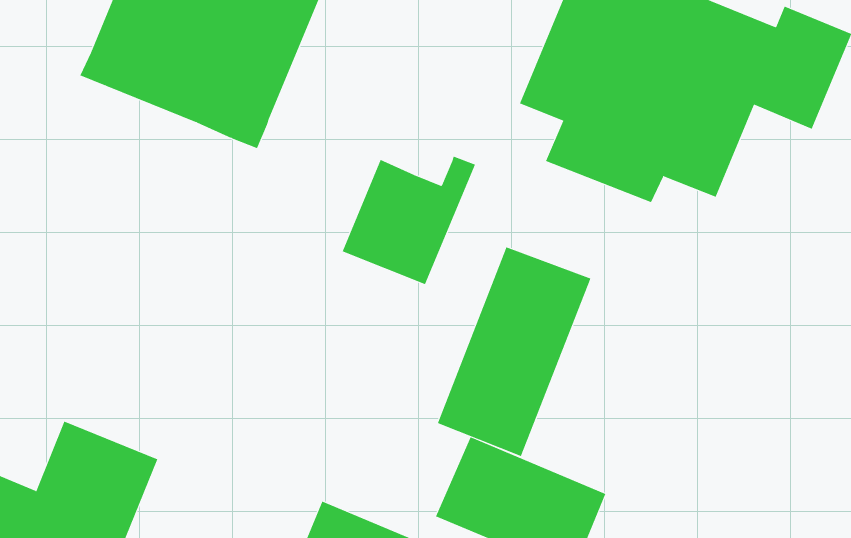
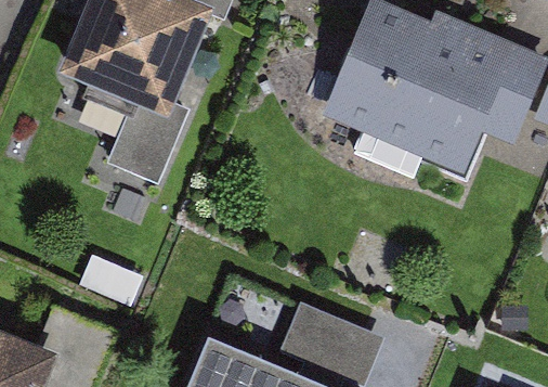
building: [342,156,476,285] -> [106,103,190,183]
building: [437,246,591,457] -> none

